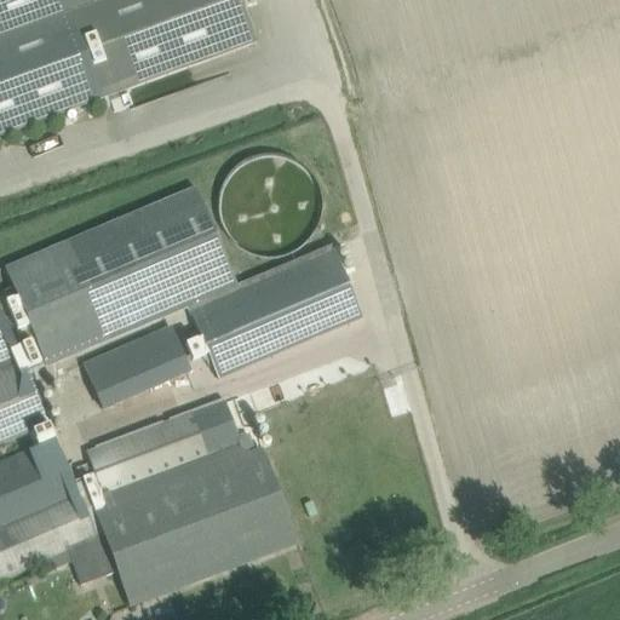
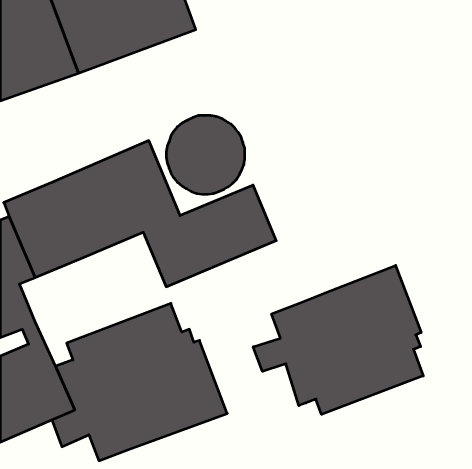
building: [82,325,191,409] -> none
building: none -> [253,265,423,414]

